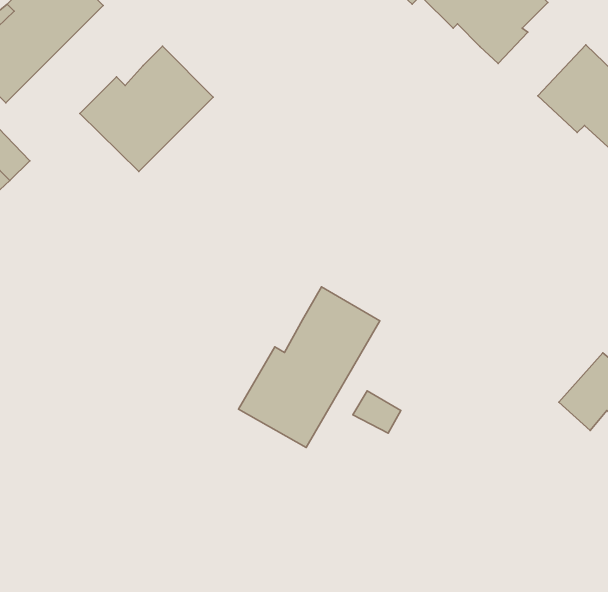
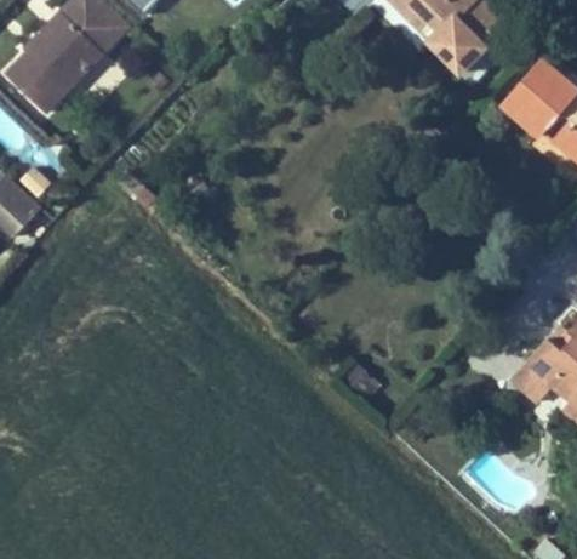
building: [80,46,213,171] -> none
building: [239,287,380,447] -> none

